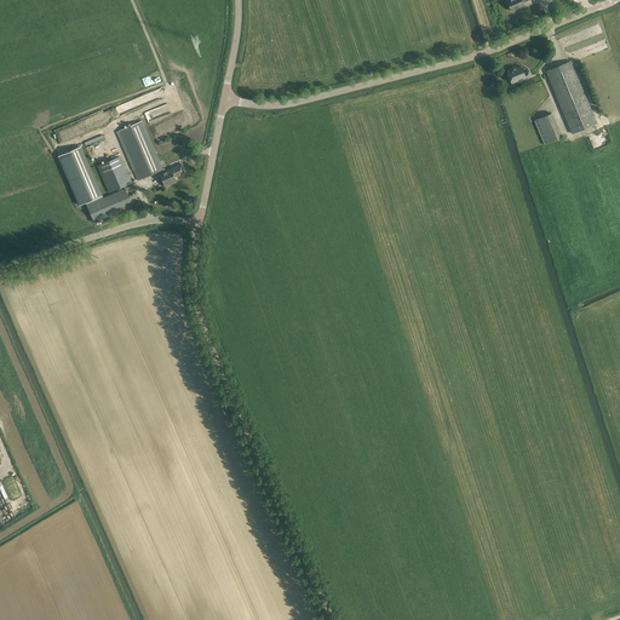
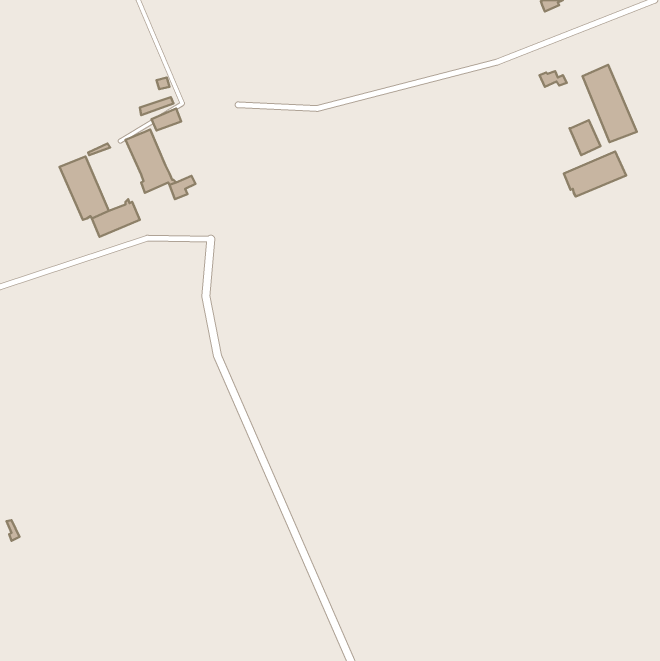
building: none -> [564,151,626,197]
building: [96,156,131,193] -> none

